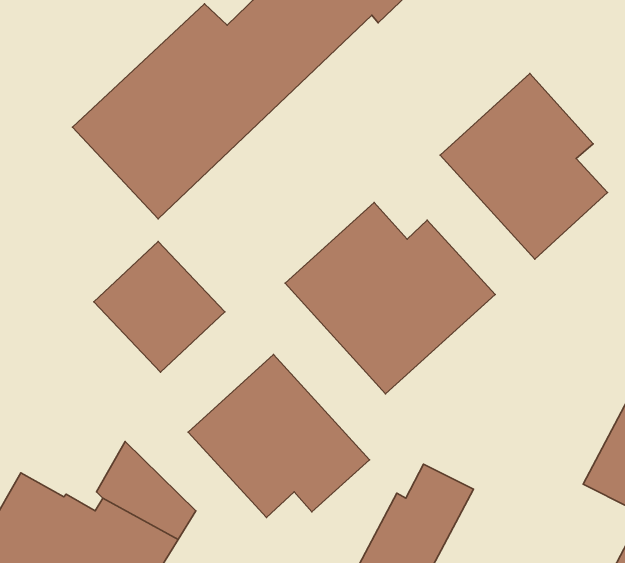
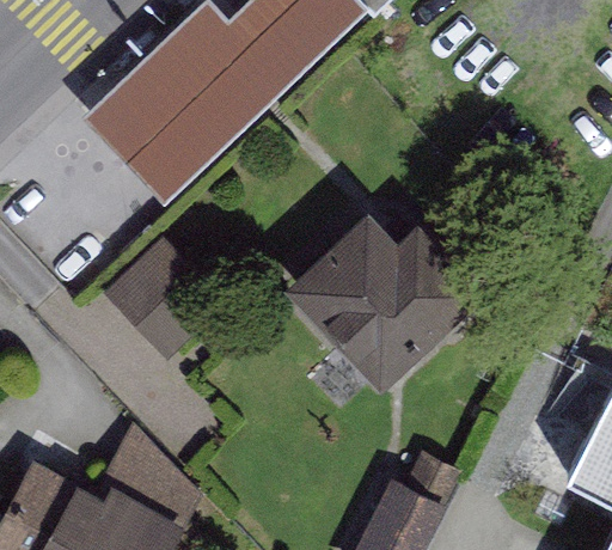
building: [440,73,607,259] -> none
building: [188,354,369,517] -> none

